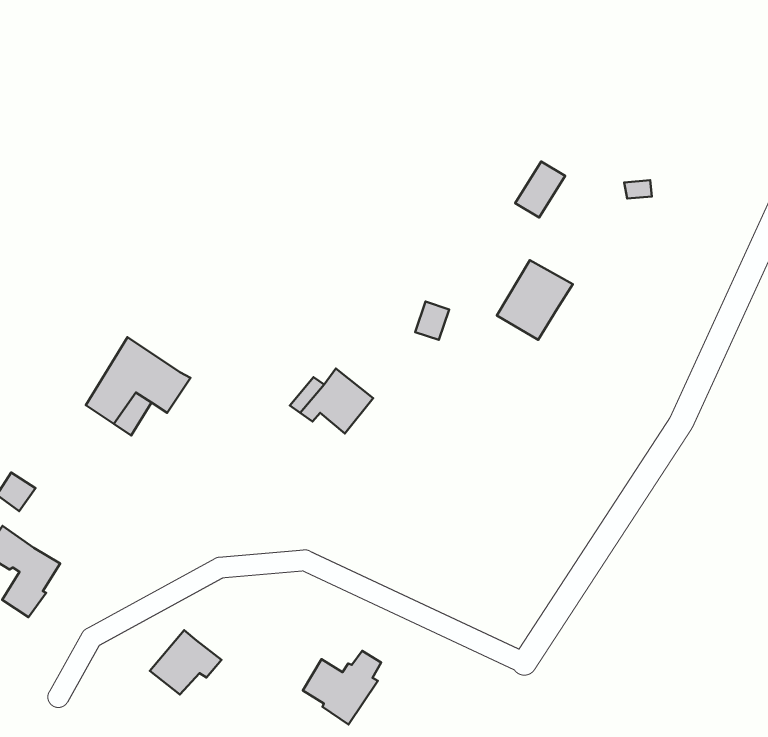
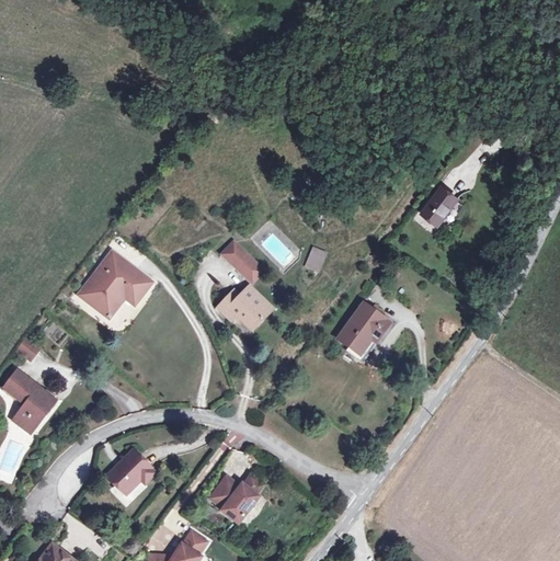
building: [515,161,565,217] -> [422,186,457,224]
building: [497,260,573,340] -> [338,304,390,357]
building: none -> [219,238,266,284]

